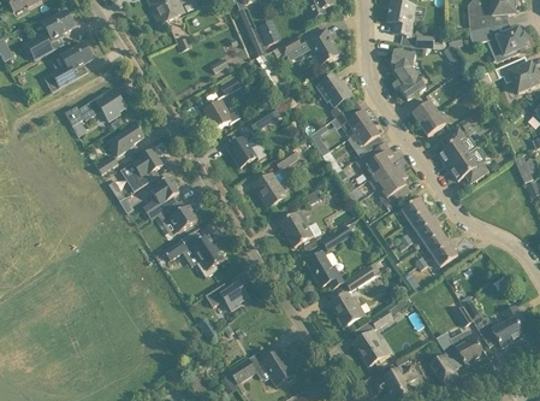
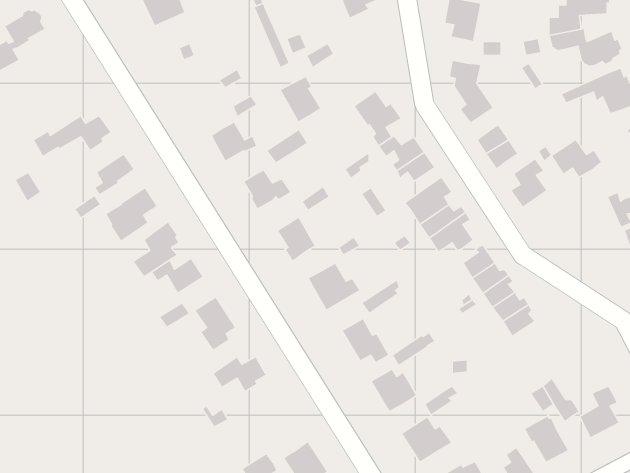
building: [305,28,338,64] -> [280,76,321,122]
building: [44,41,93,92] -> none
building: [449,152,488,182] -> [551,139,602,177]

